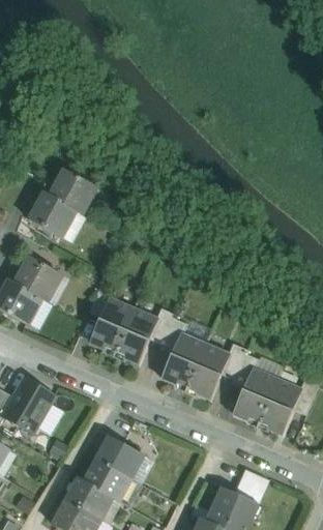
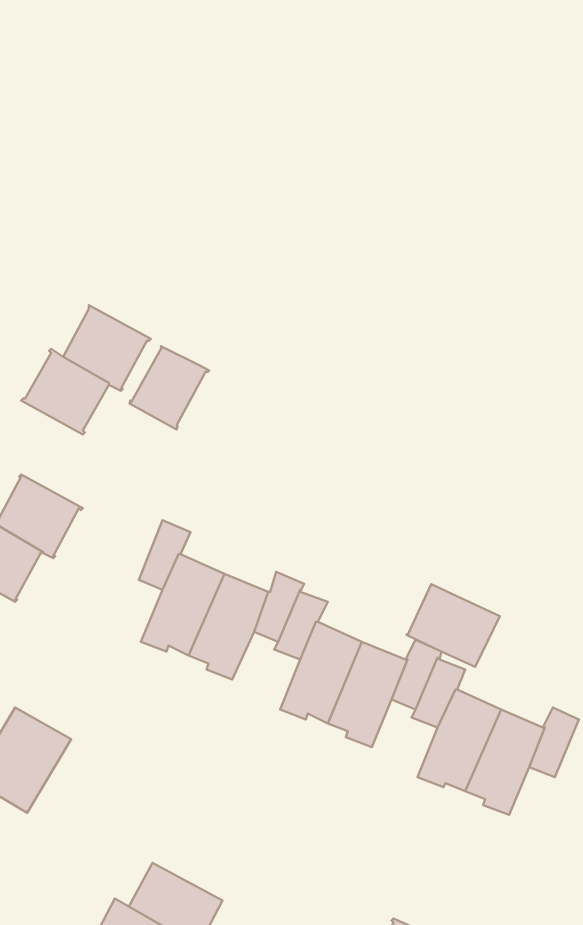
building: none -> [130,346,209,429]
building: none -> [407,584,500,667]
building: [96,436,145,478] -> none

